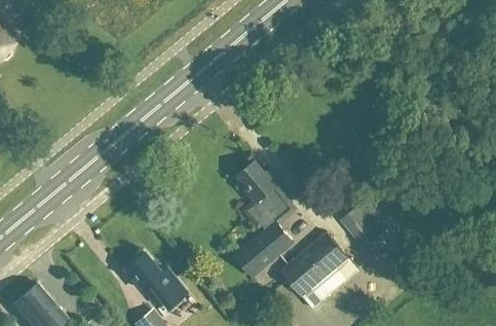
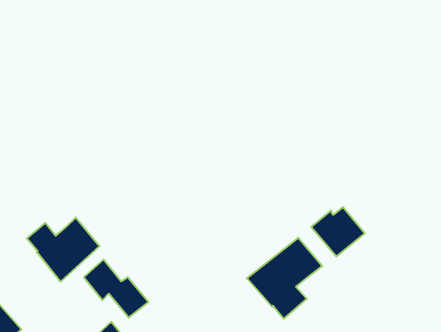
building: [233,161,293,278] -> none
building: none -> [27,217,100,282]

